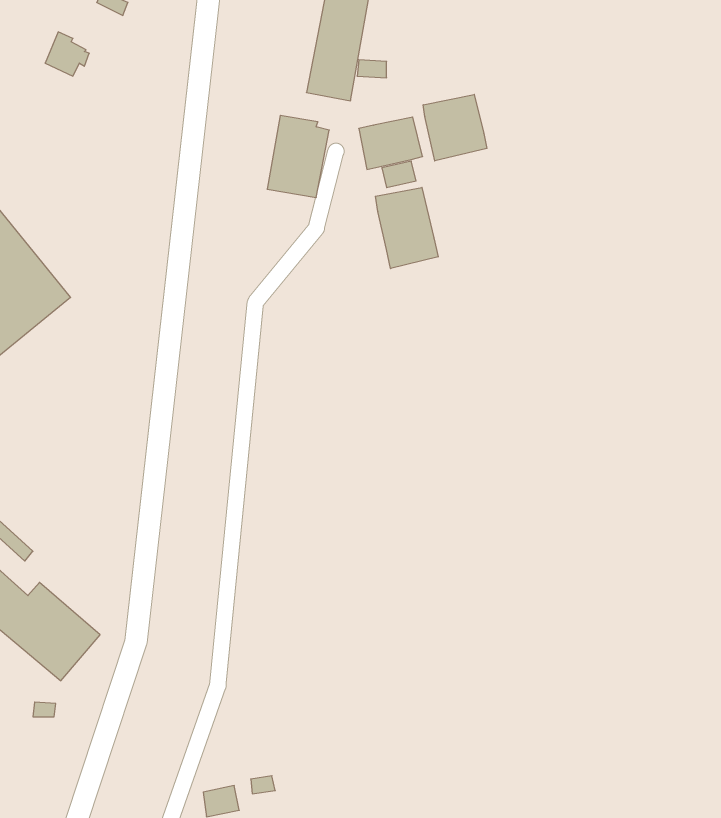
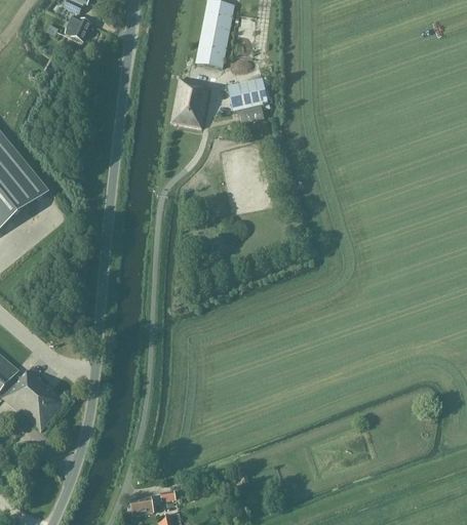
building: [45,32,89,76] -> [66,12,93,40]
building: [423,94,487,161] -> none
building: [375,187,438,269] -> none

